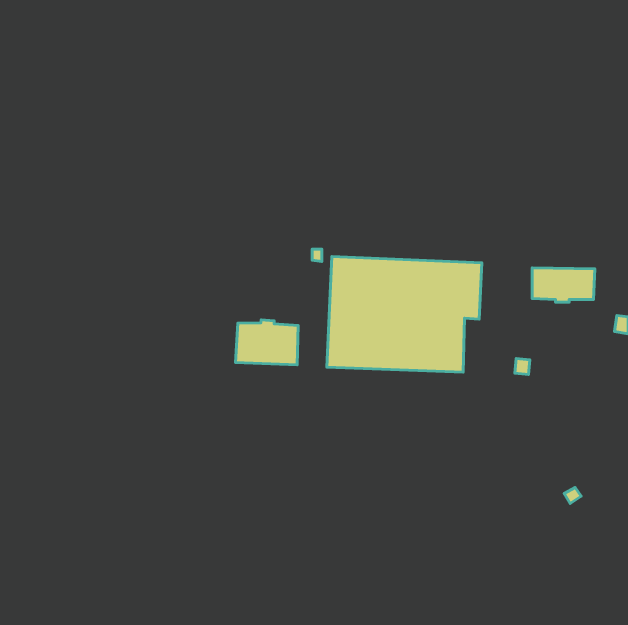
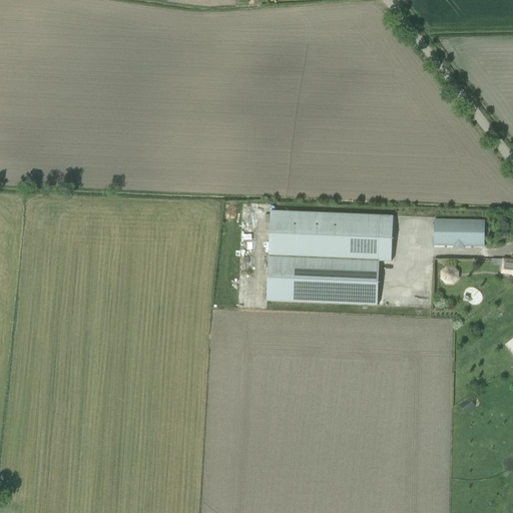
building: [236,320,298,365] -> none

